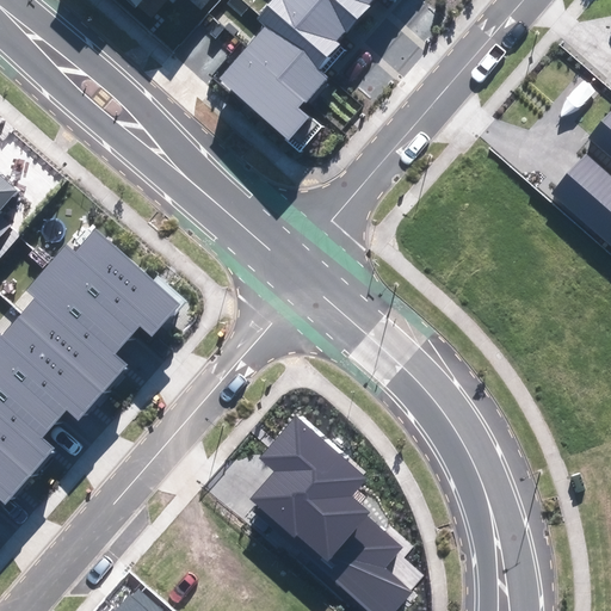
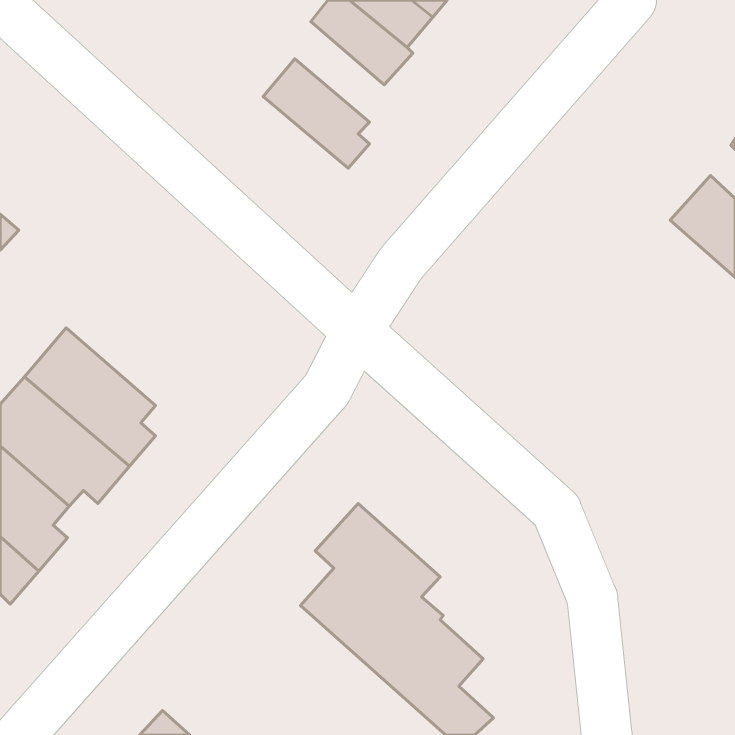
building: [245,25,327,101] -> none
building: [55,229,179,337] -> none

